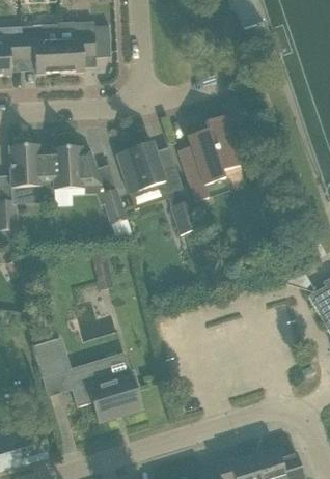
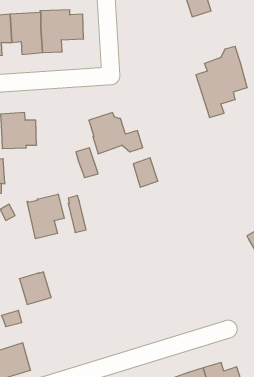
building: [177,115,240,201] -> [196,46,247,118]
building: [52,146,103,190] -> none
building: none -> [27,194,64,239]
building: [67,362,142,421] -> none

